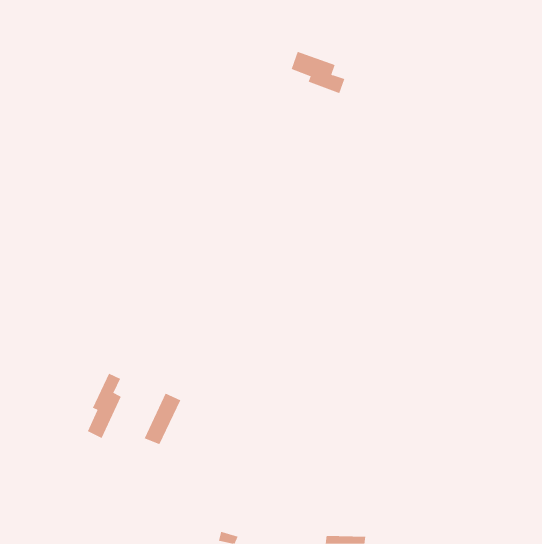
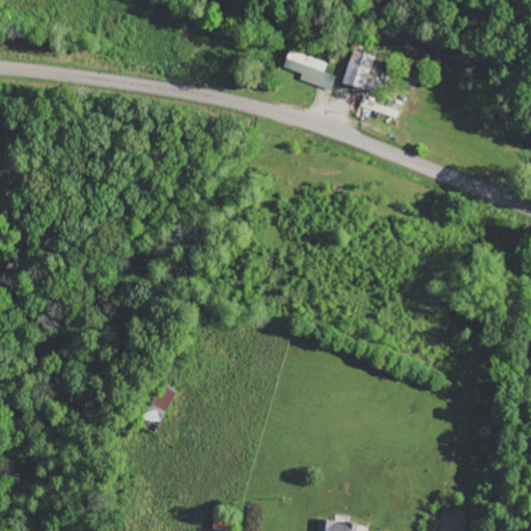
building: none -> [343,50,373,90]
building: [87,373,122,439] -> none

